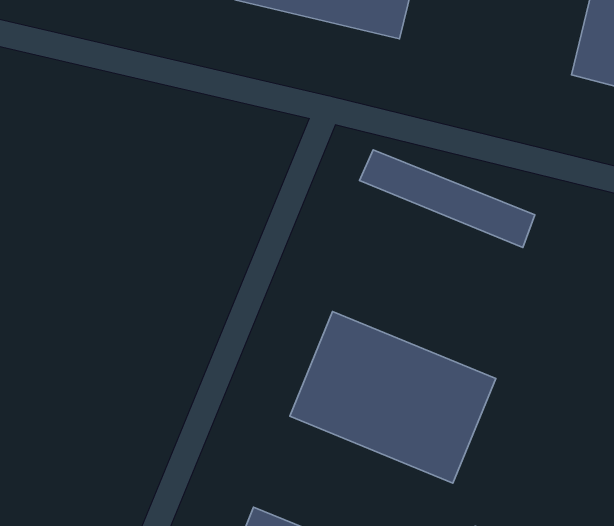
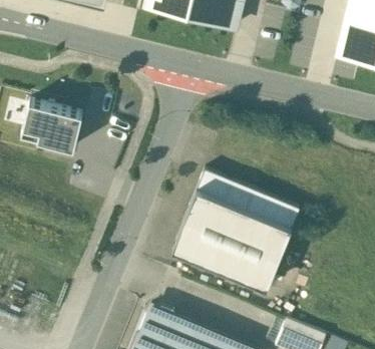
building: [360,150,535,248] -> [197,171,299,229]
building: none -> [21,103,83,151]

